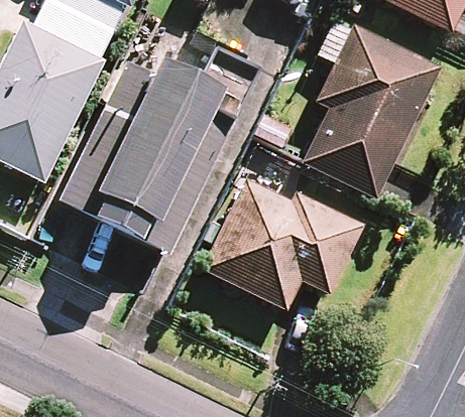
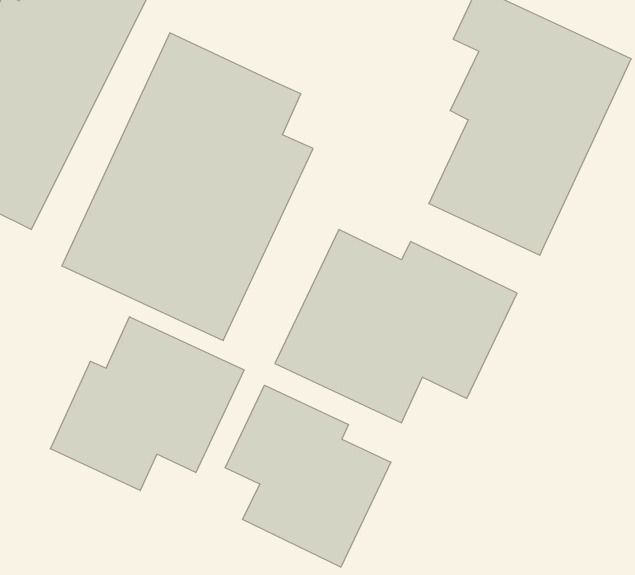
building: none -> [50,317,244,491]
building: none -> [225,385,391,567]

